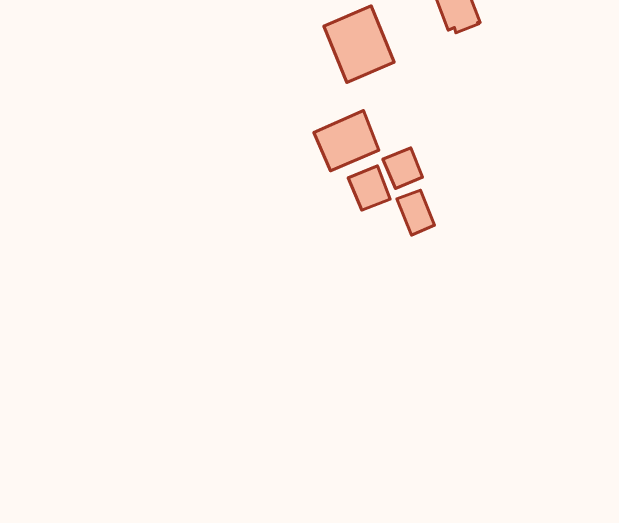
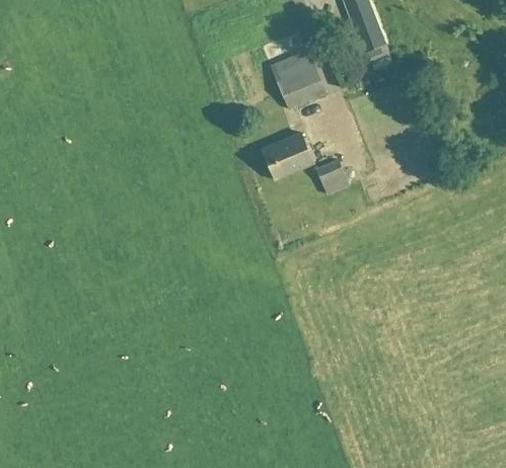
building: [348,166,390,210] -> none
building: [397,190,434,235] -> none

